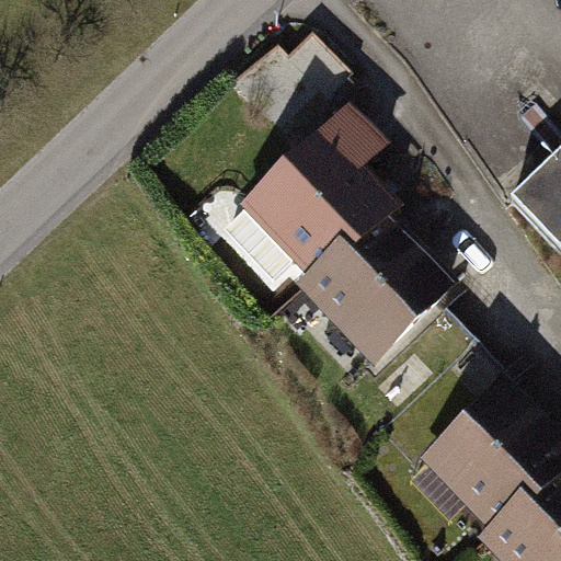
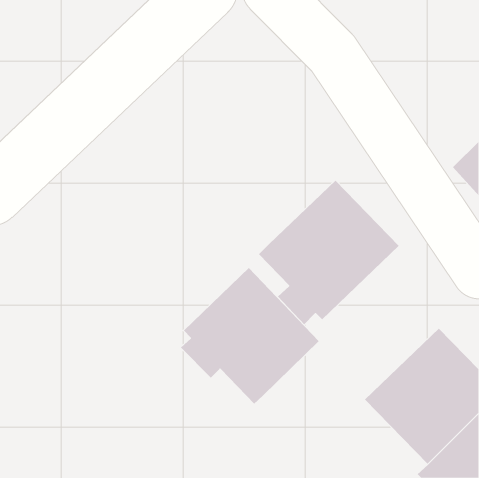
building: [226,101,393,285] -> none
building: none -> [180,267,320,404]

